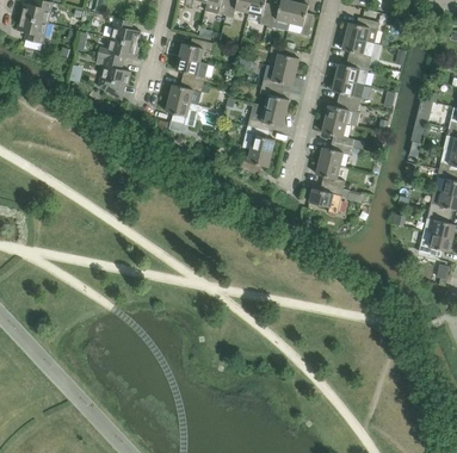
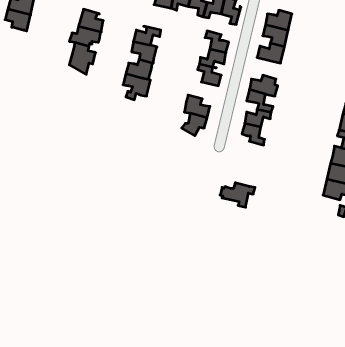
building: [332,76,365,104] -> none
building: [248,104,286,129] -> none
building: [307,182,351,213] -> [220,183,255,207]

